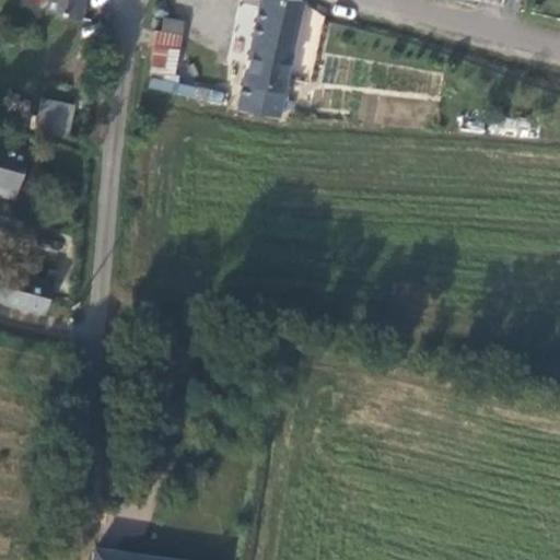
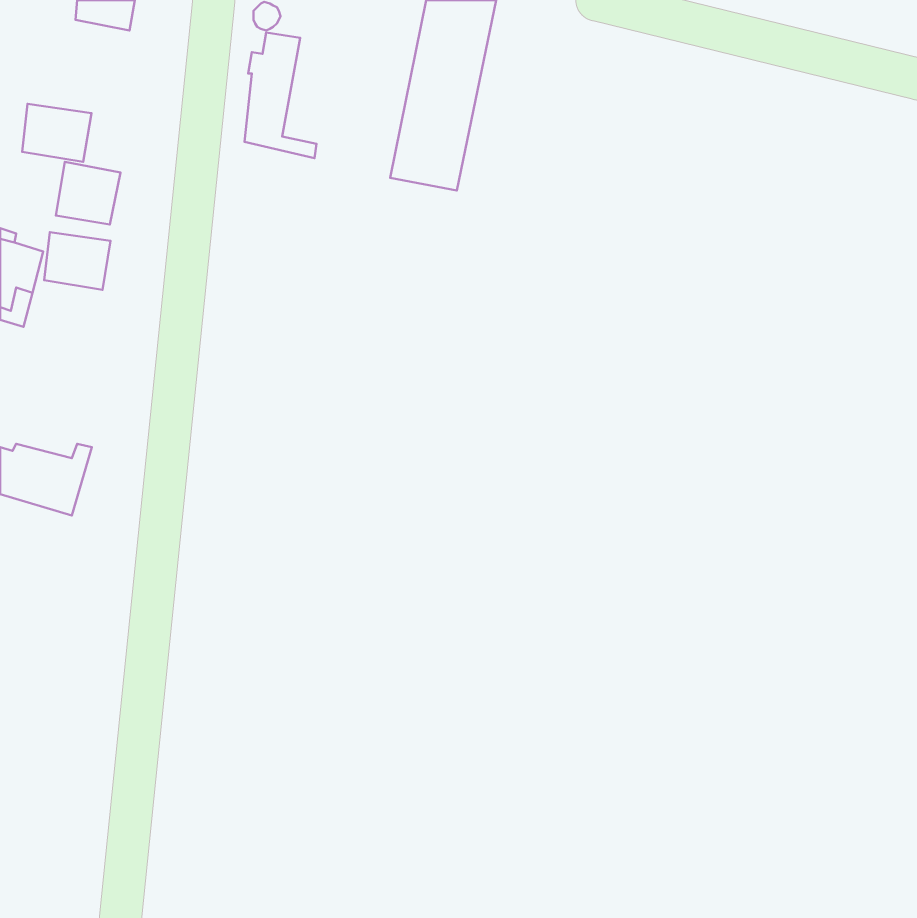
building: none -> [22,104,91,162]
building: none -> [44,232,111,290]

